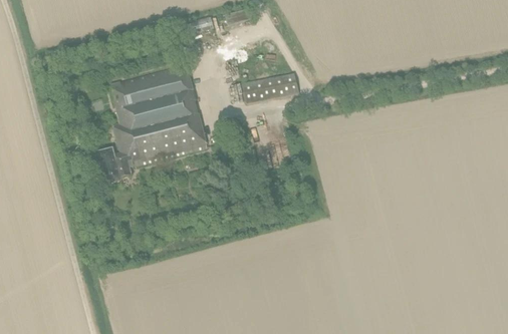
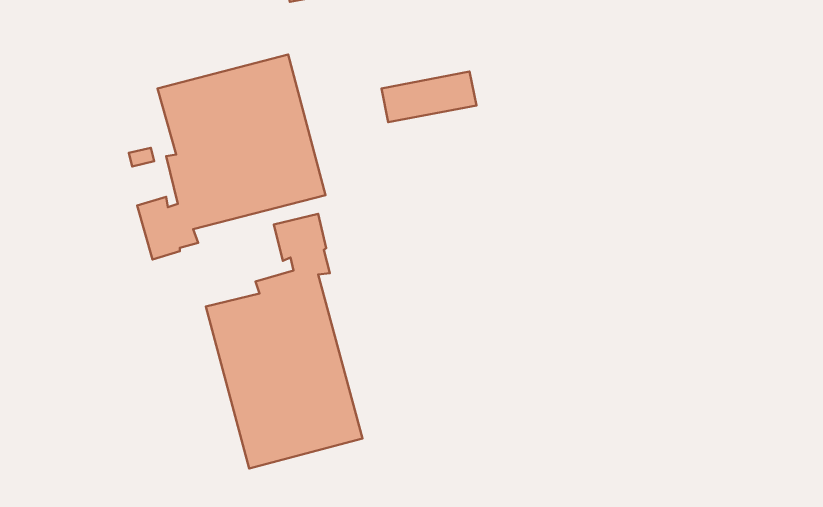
building: none -> [206,214,363,468]

